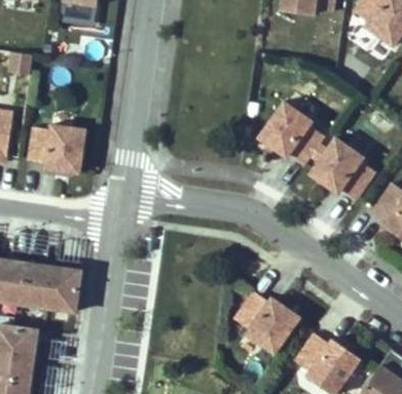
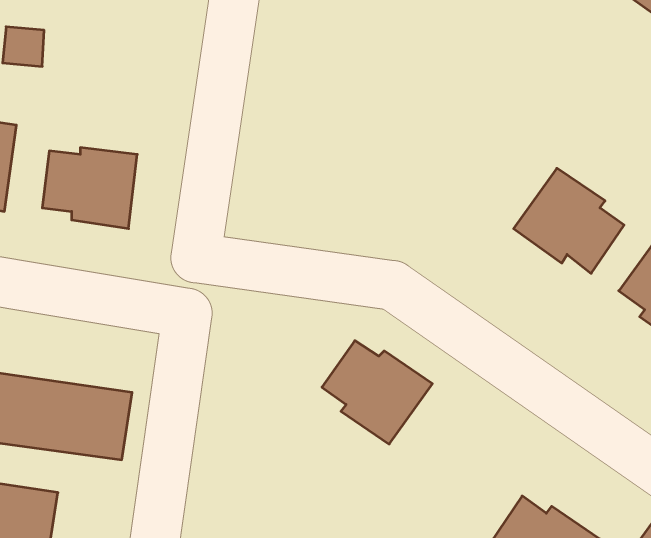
building: [257,102,323,163] -> none
building: [234,291,300,353] -> [322,341,432,444]

